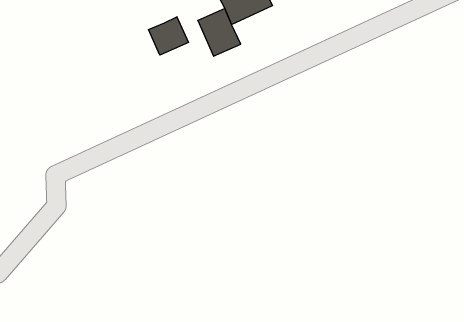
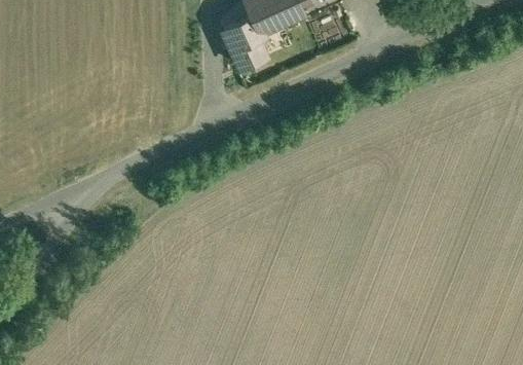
building: [149,17,188,55] -> none

